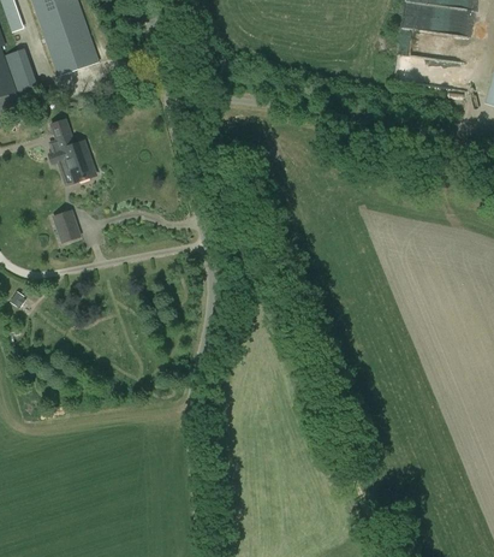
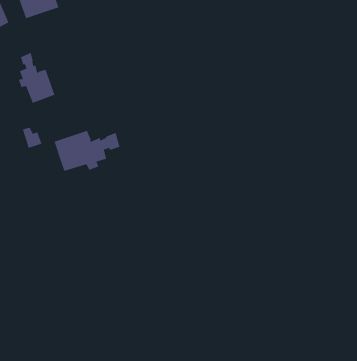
building: none -> [54,130,121,172]

